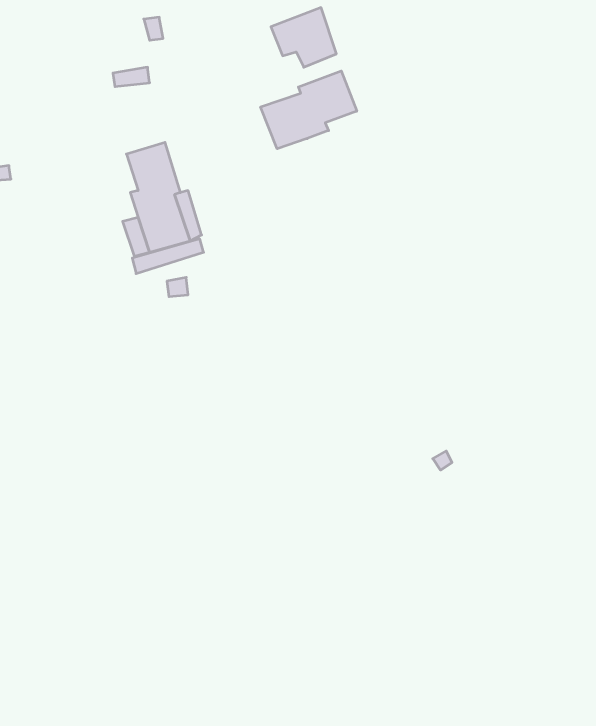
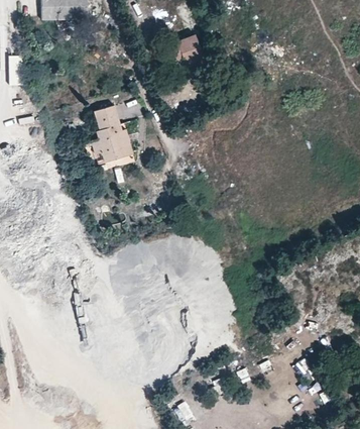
building: [261,71,357,149] -> none

